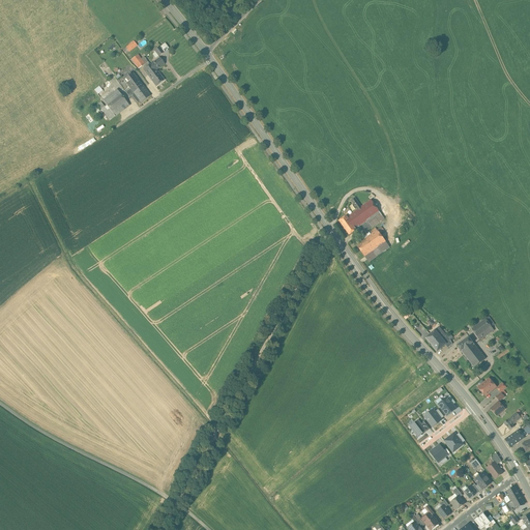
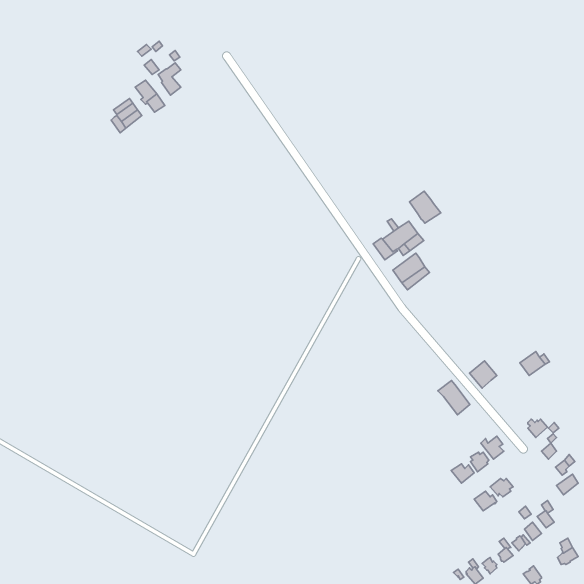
building: none -> [409,191,441,223]
building: [455,336,484,367] -> [438,380,470,415]

